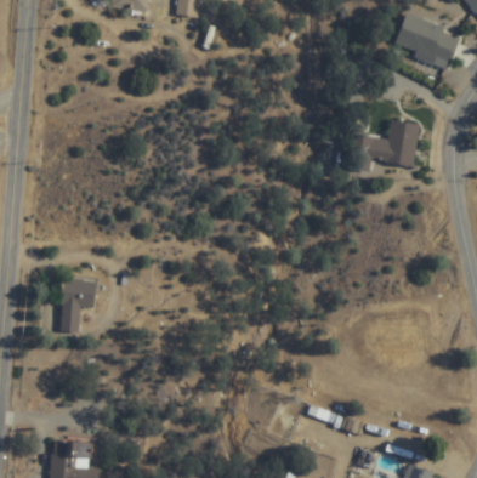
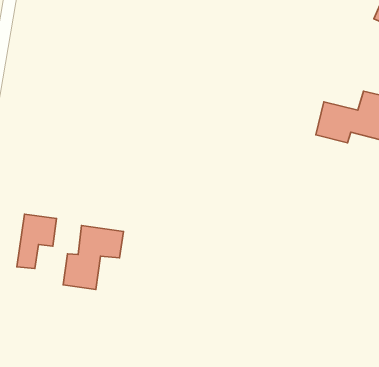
building: none -> [63,226,123,289]

